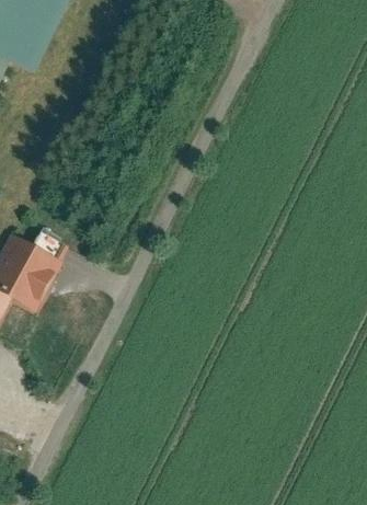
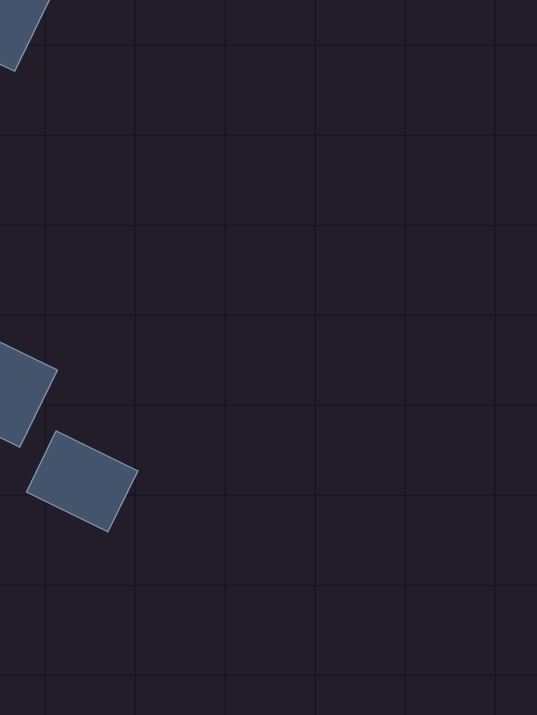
building: none -> [26,431,138,532]

